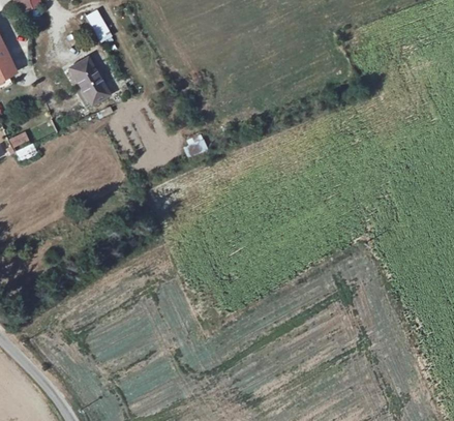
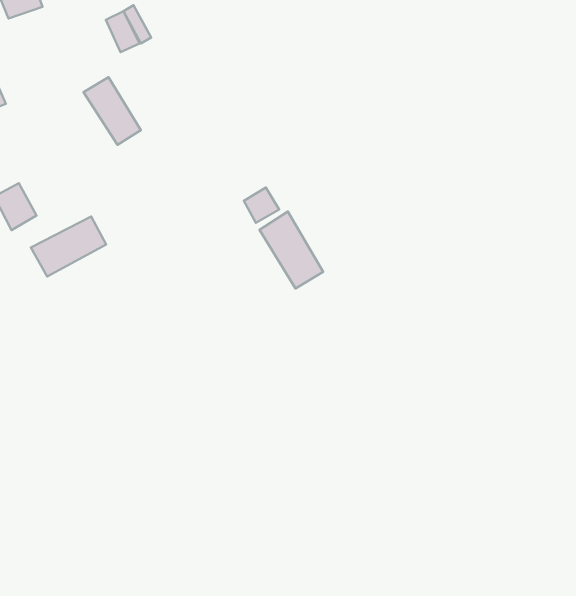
building: none -> [259,212,323,289]
building: none -> [31,216,106,277]

